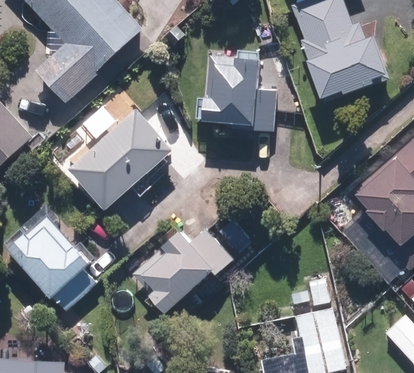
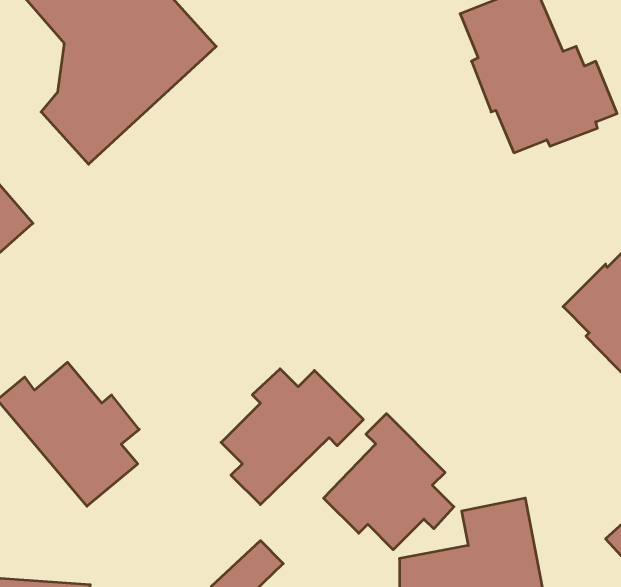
building: [202,54,272,131] -> none
building: [68,106,175,210] -> none
building: none -> [324,414,454,550]

